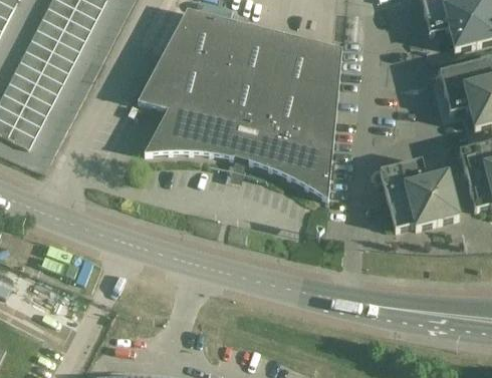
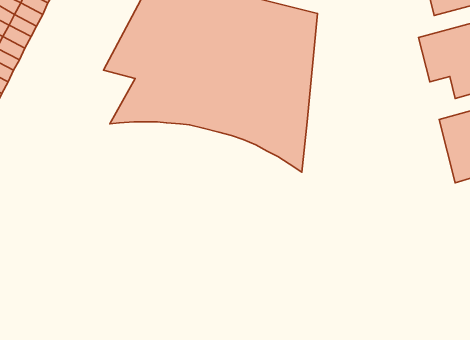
building: [380,159,459,230] -> none

